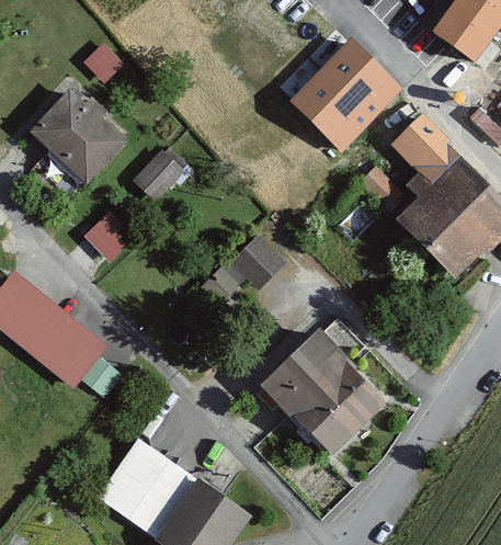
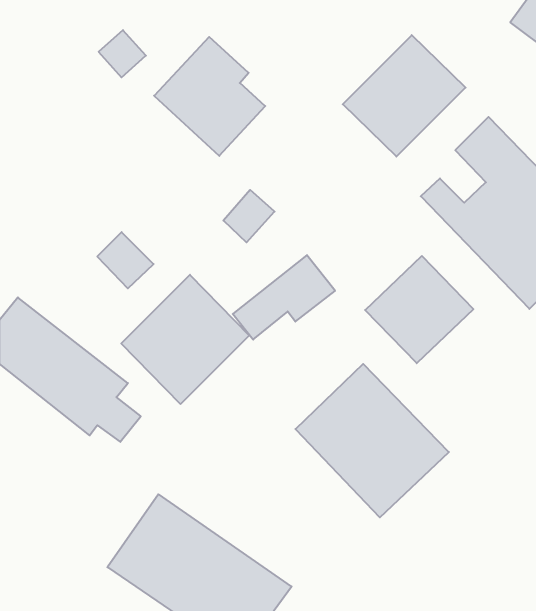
building: [26,80,122,182] -> [154,37,265,156]
building: [139,150,183,195] -> [223,190,275,242]
building: none -> [365,256,473,363]
building: none -> [121,275,249,404]

